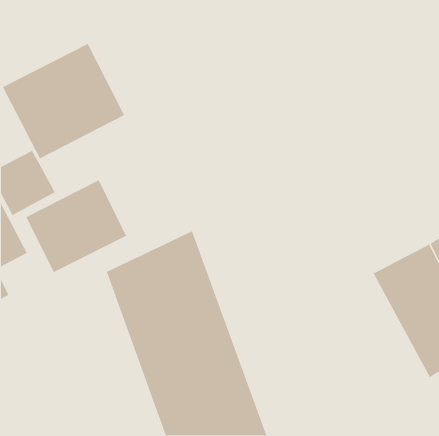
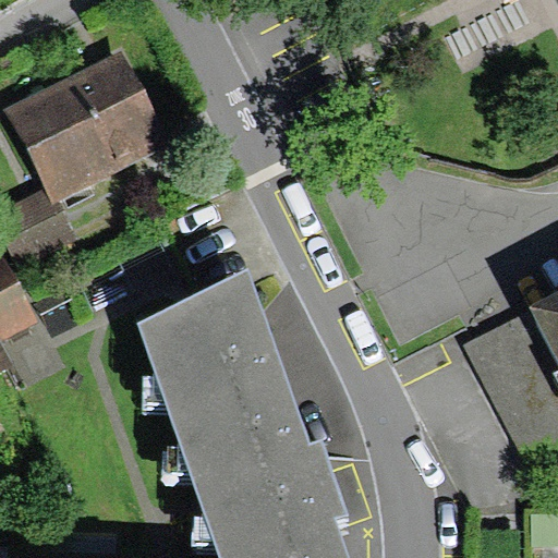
building: [25,179,127,273] -> none

